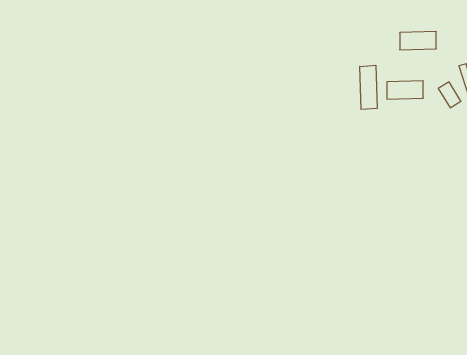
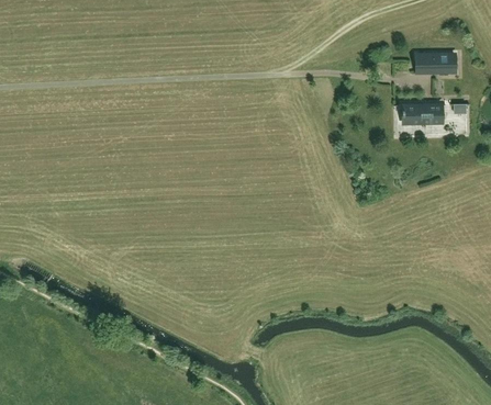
building: [360,65,377,109] -> none

